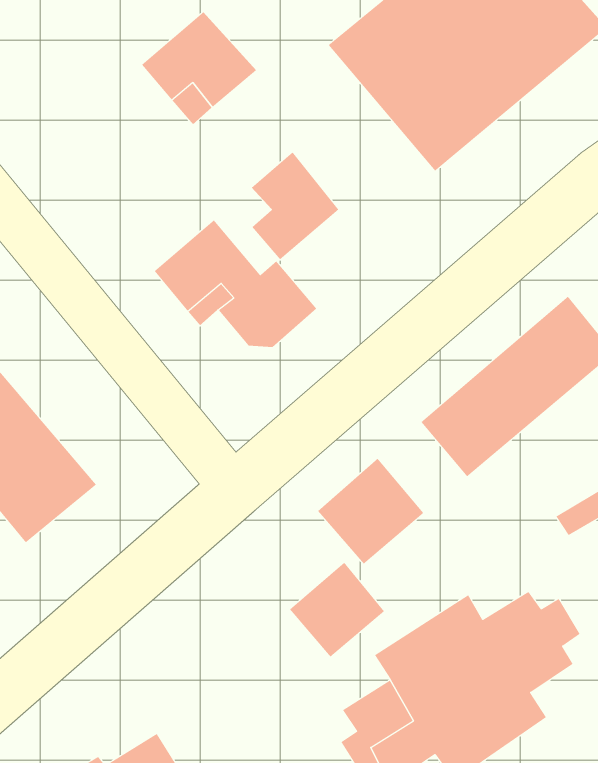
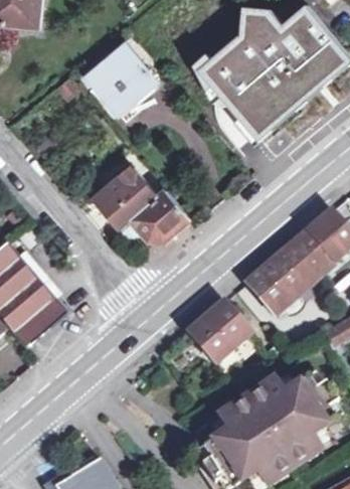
building: [251,152,339,260] -> none
building: [289,562,385,657] -> none

